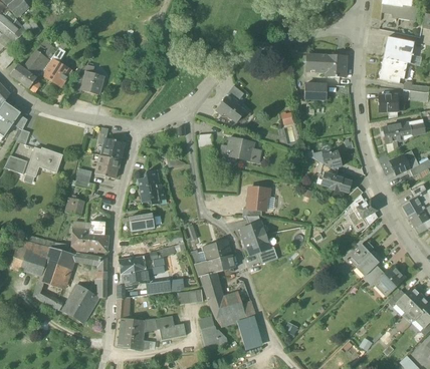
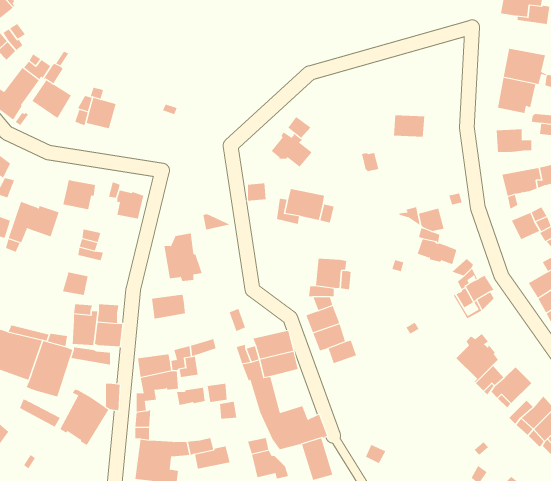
building: [306,54,346,77] -> none
building: [95,155,120,177] -> [63,179,96,210]

